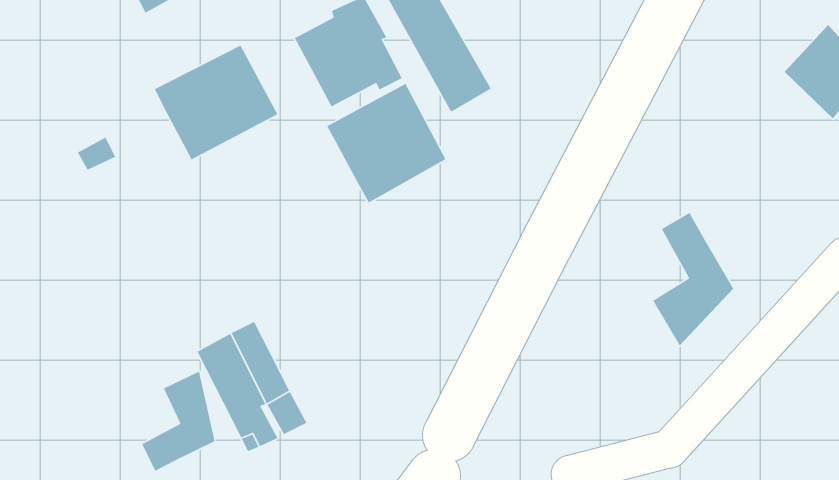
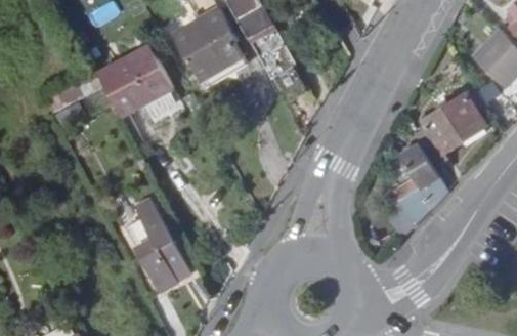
building: [326,83,447,204] -> none
building: none -> [411,90,479,161]
building: [141,370,216,472] -> none

